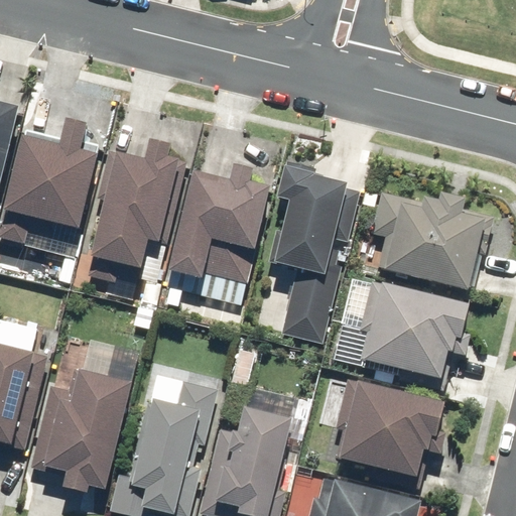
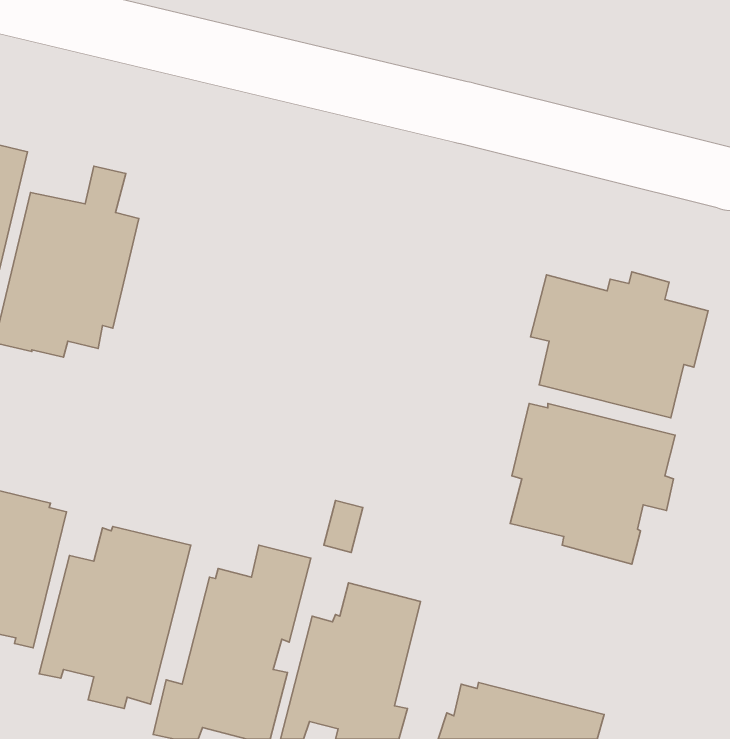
building: [90,135,185,269] -> none
building: [168,161,270,284] -> none
building: [265,162,358,345] -> none
building: [334,378,446,479] -> none

